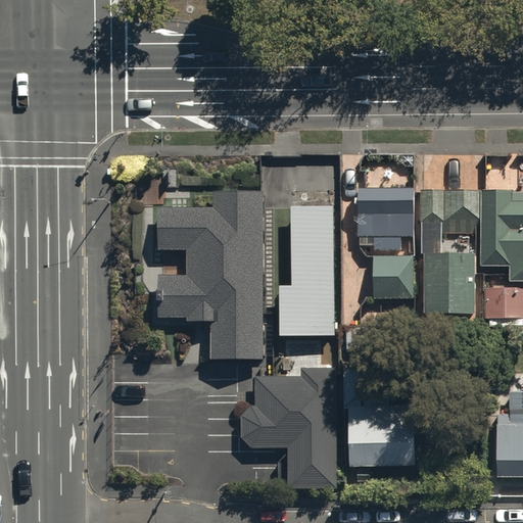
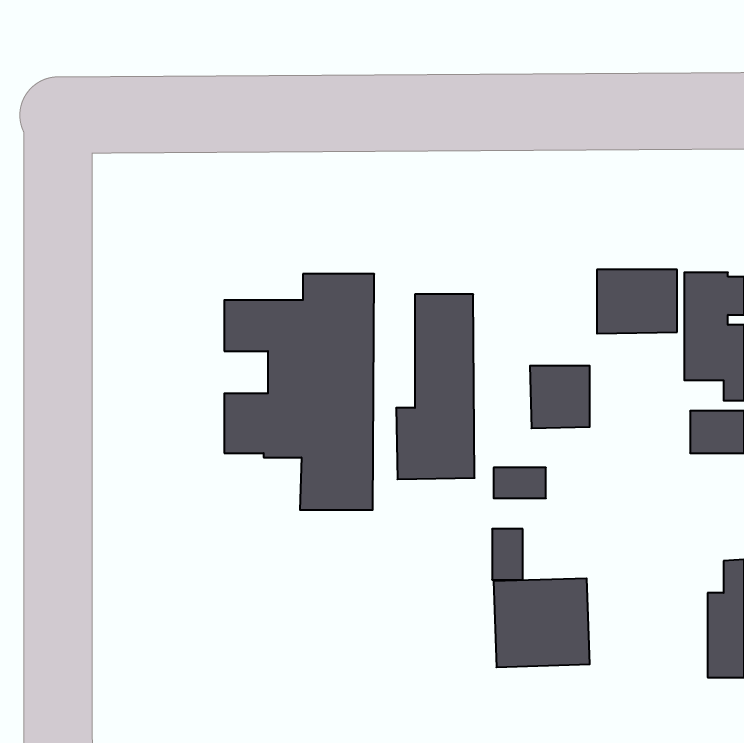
building: [359,187,414,249] -> none
building: [425,252,474,312] -> none
building: [241,368,335,488] -> none

